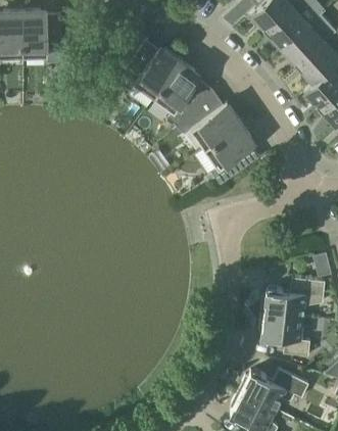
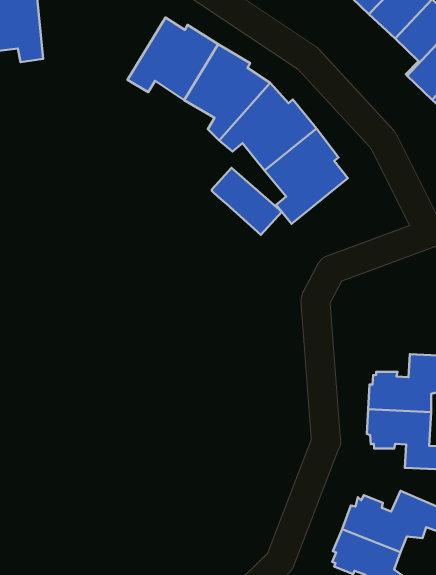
building: none -> [212,168,282,235]

